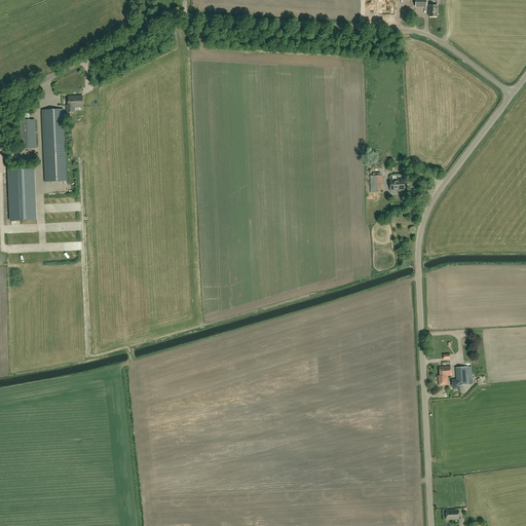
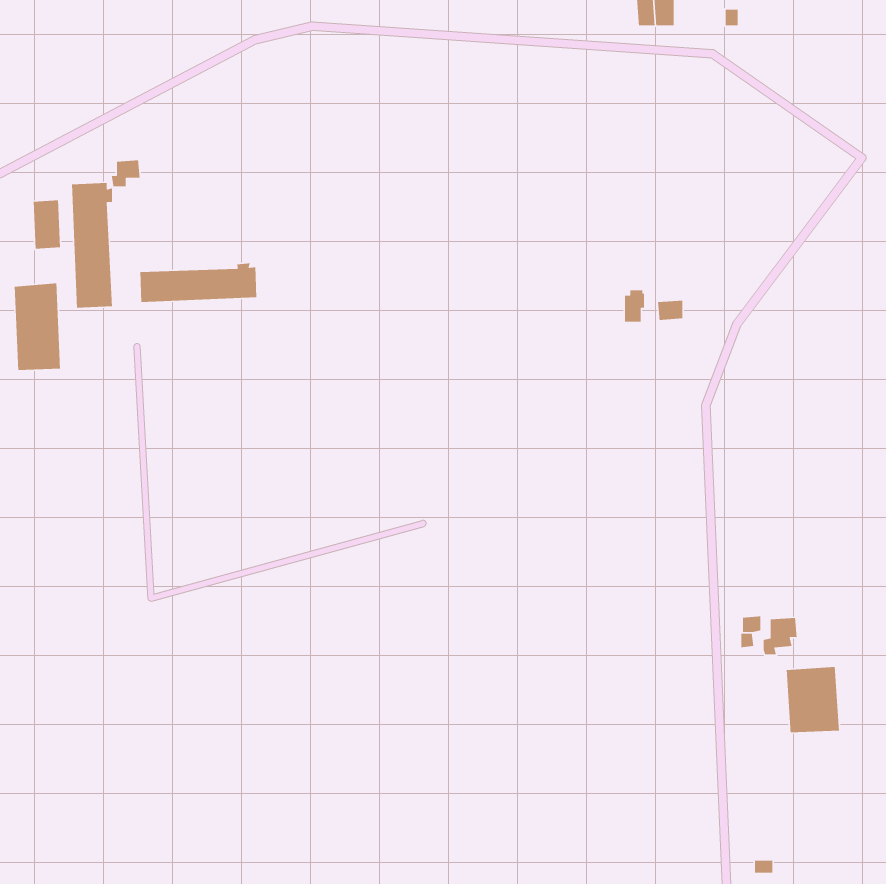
building: none -> [139,263,257,303]
building: none -> [786,666,840,733]

